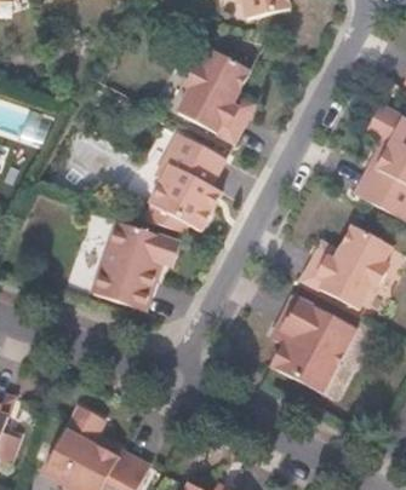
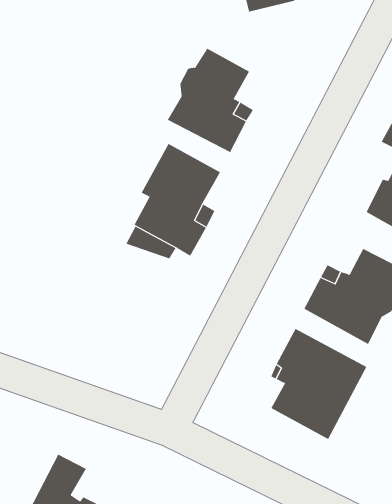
building: [90,224,177,313] -> none

